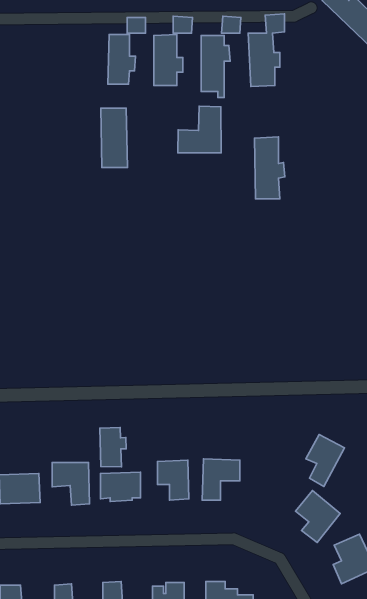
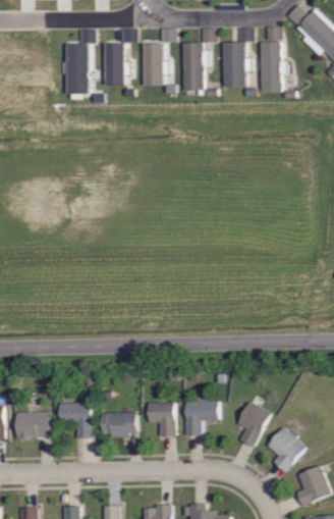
building: [178,106,221,153] -> none
building: [101,108,127,167] -> [66,44,89,94]
building: [254,137,285,199] -> [261,41,286,93]
building: [100,427,126,467] -> none
building: [306,434,345,487] -> [234,403,267,447]

